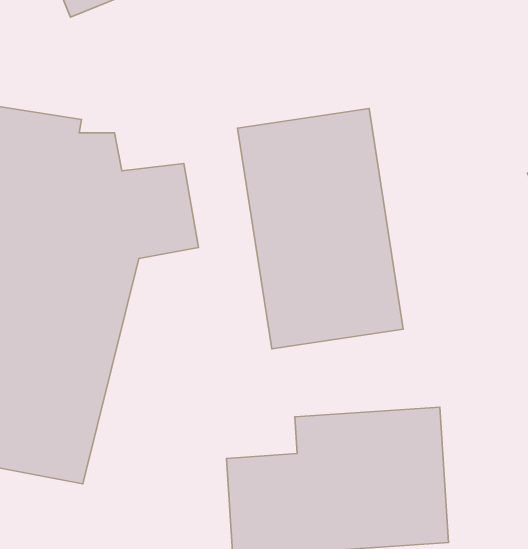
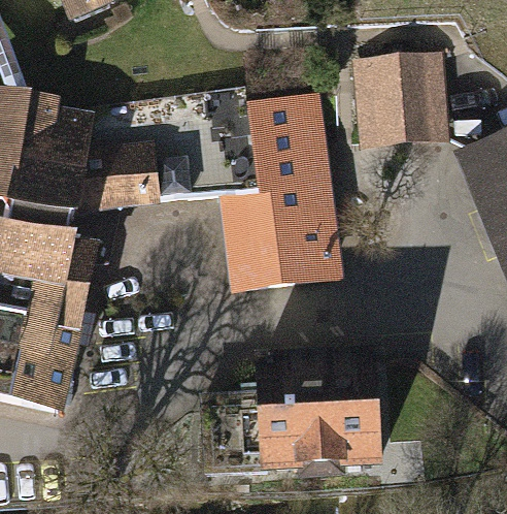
building: none -> [353,45,445,142]

